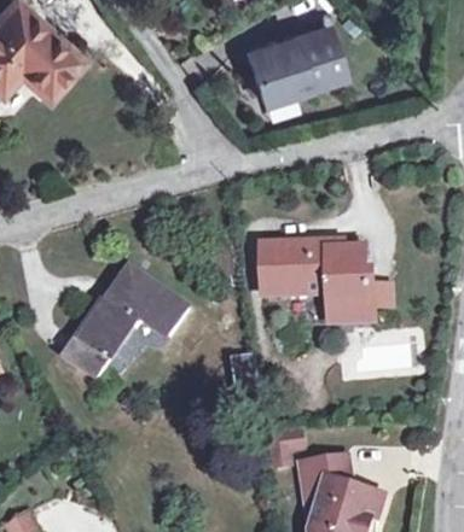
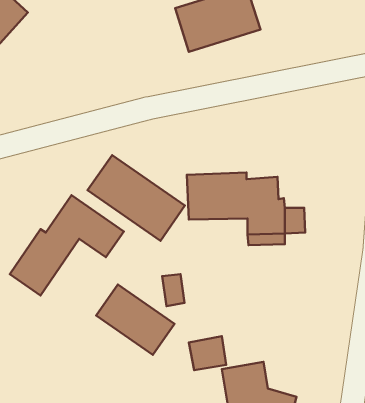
building: none -> [88,155,185,241]
building: none -> [96,284,174,355]

